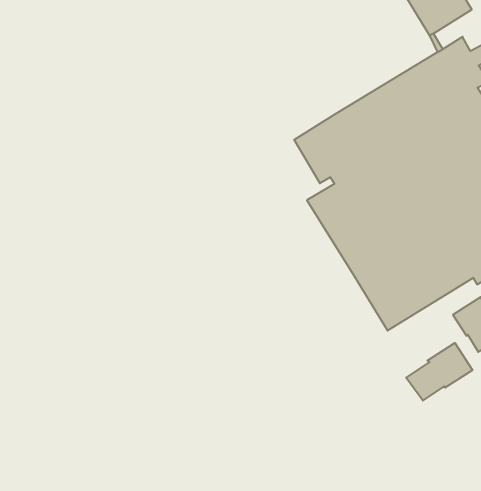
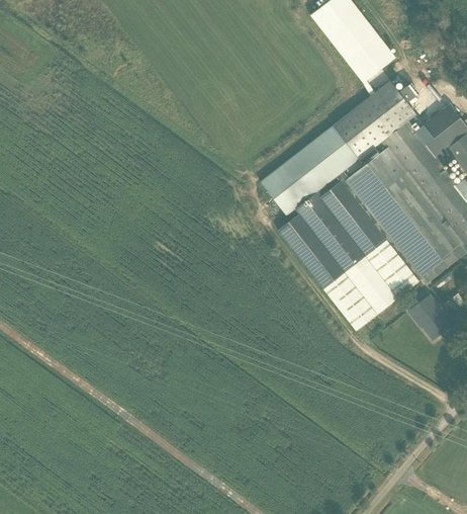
building: [406,343,472,401] -> none

